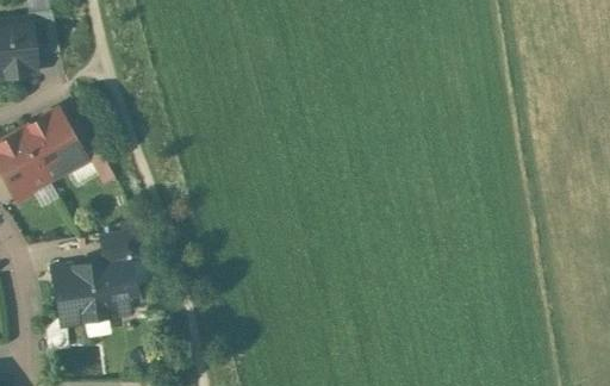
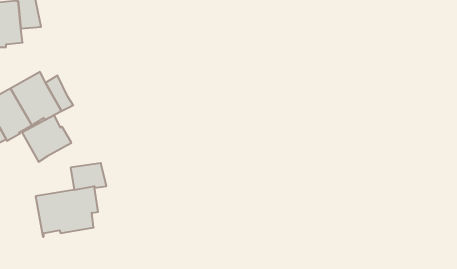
building: none -> [22,115,71,162]

